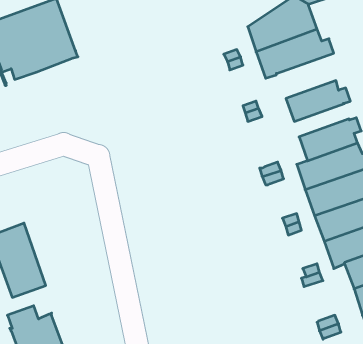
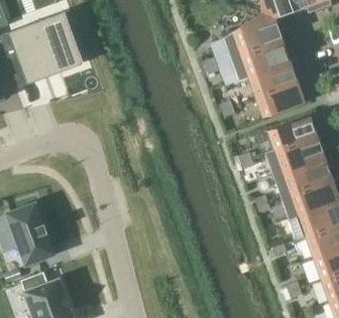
building: none -> [247,60,300,99]

